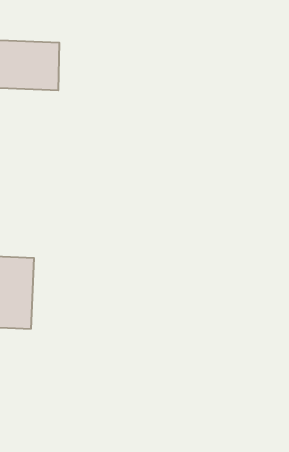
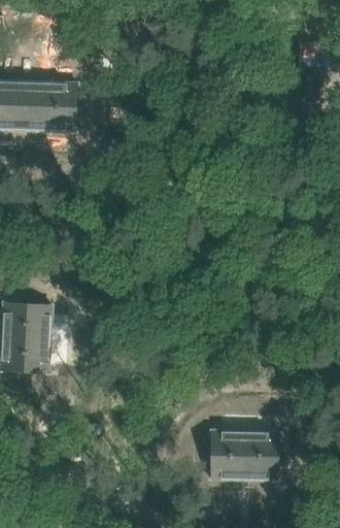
building: none -> [210,430,280,482]

